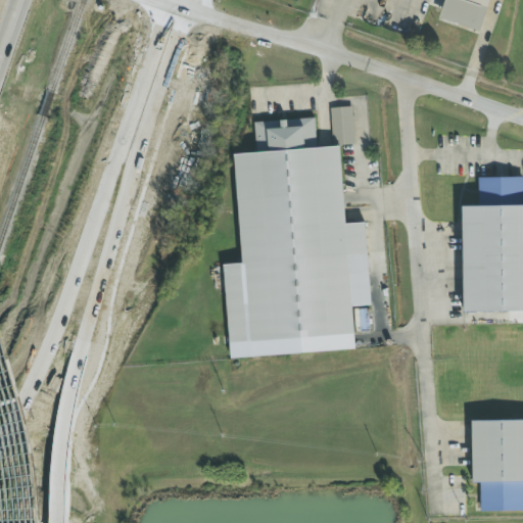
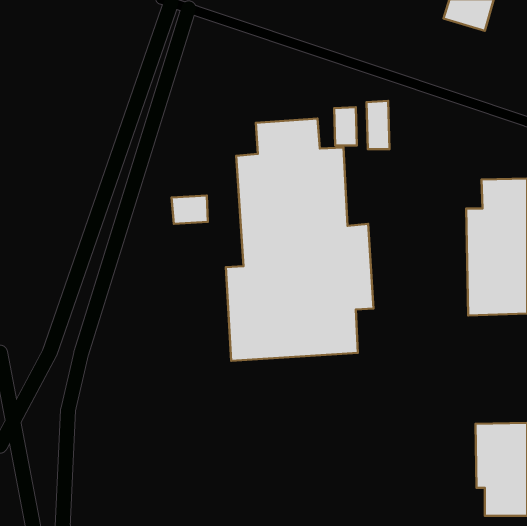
building: none -> [367,101,390,149]
building: none -> [172,195,208,224]

